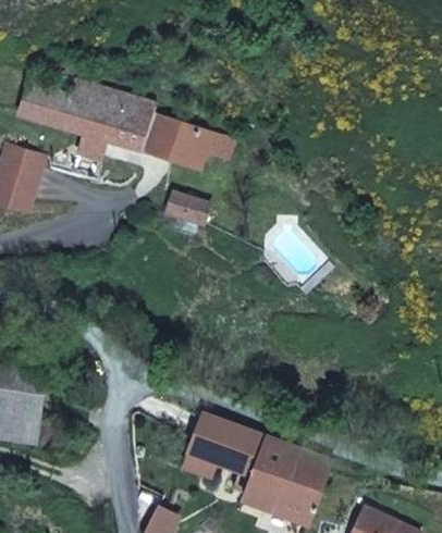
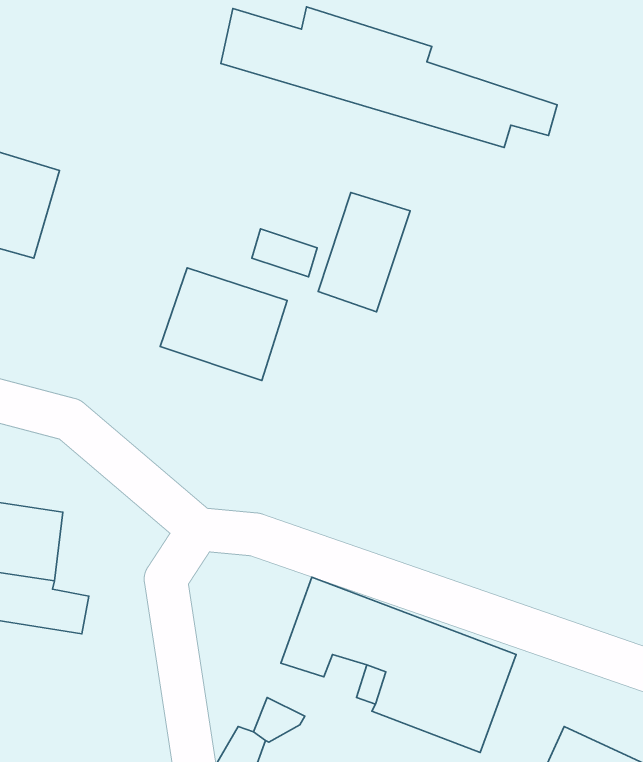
building: [20,78,233,168] -> [221,7,557,148]
building: none -> [318,192,410,312]
building: none -> [160,268,287,380]

